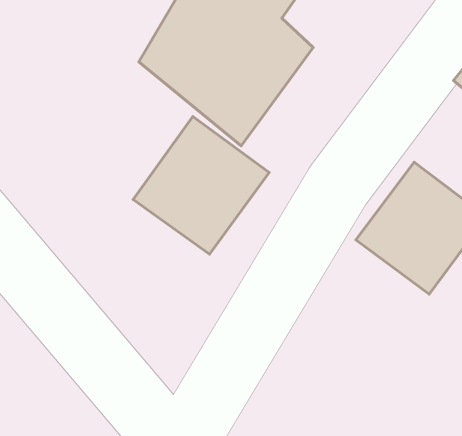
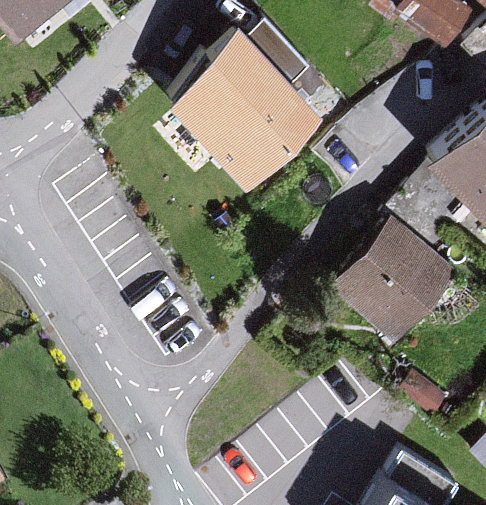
building: [133,117,269,254] -> none

